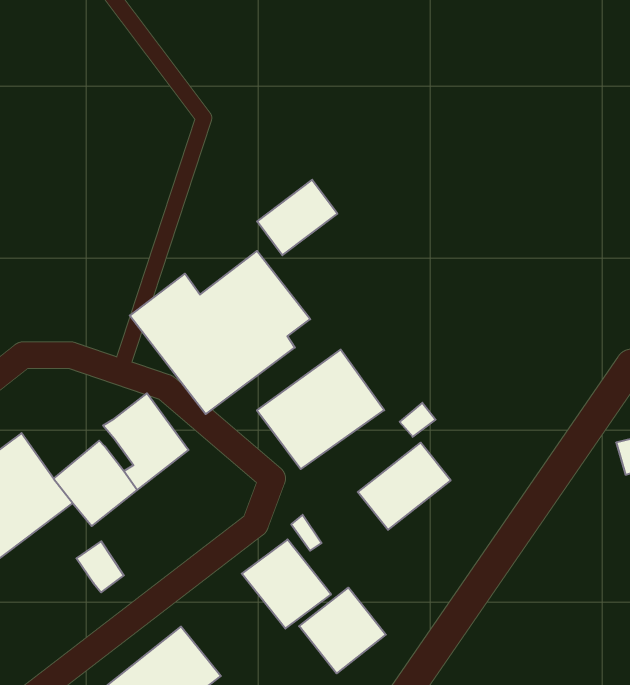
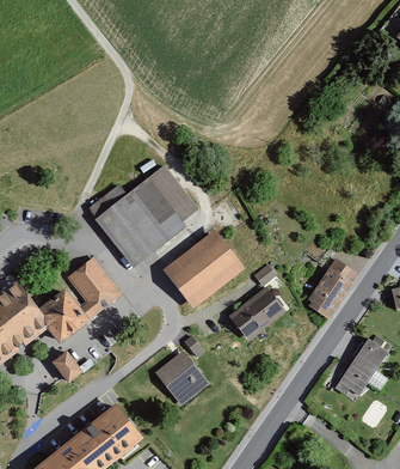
building: [257,180,337,255] -> none
building: none -> [303,258,356,319]
building: none -> [339,341,388,400]
building: [299,588,386,673] -> none

